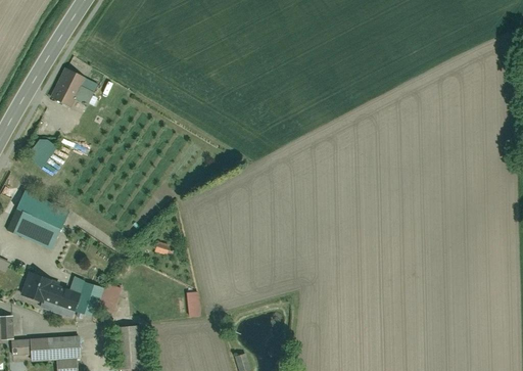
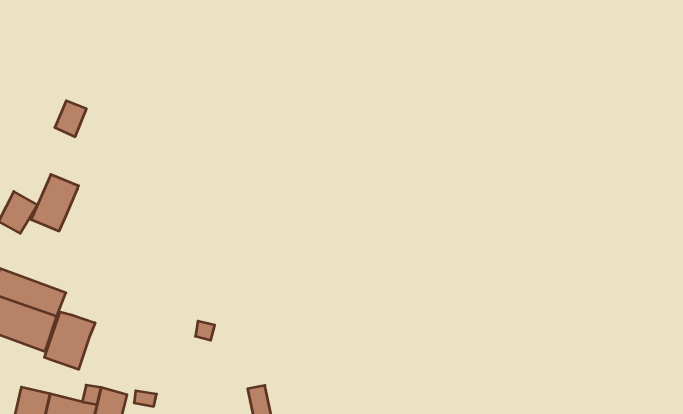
building: [50,65,86,105] -> [31,174,79,231]
building: none -> [44,312,95,369]

